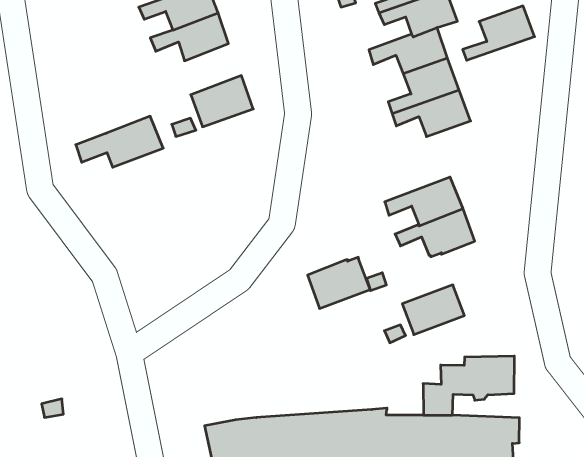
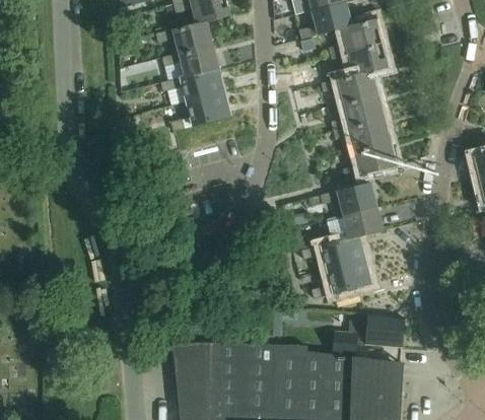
building: [463,6,535,60] -> [342,143,396,179]
building: [76,116,163,167] -> [161,68,225,102]
building: [308,257,370,308] -> [320,237,364,272]

